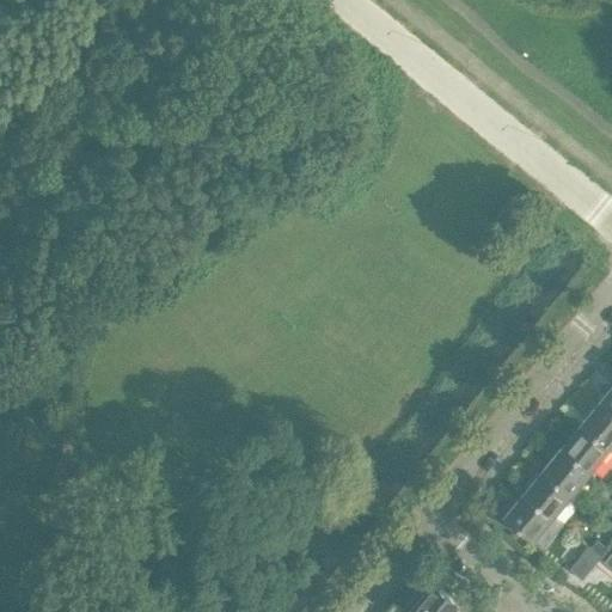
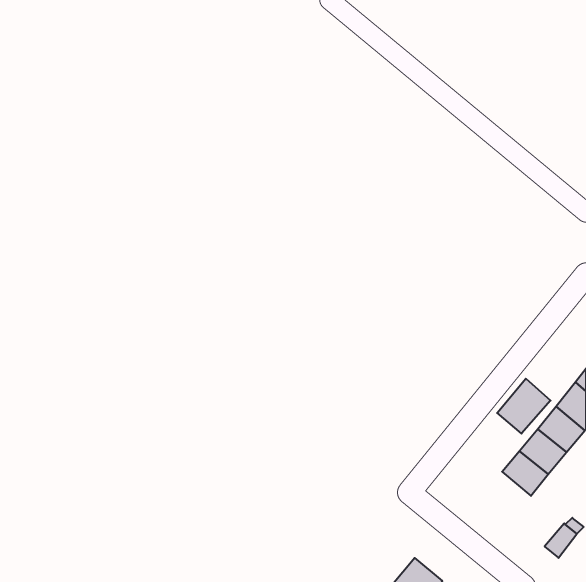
building: none -> [497,379,551,434]
building: [503,496,552,544] -> none

